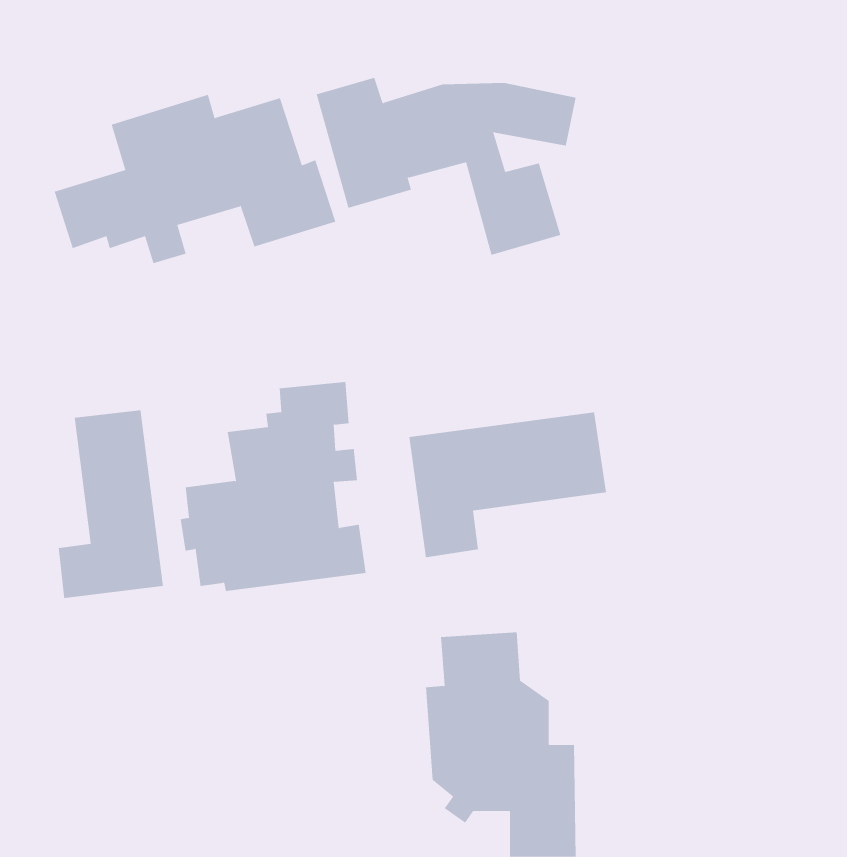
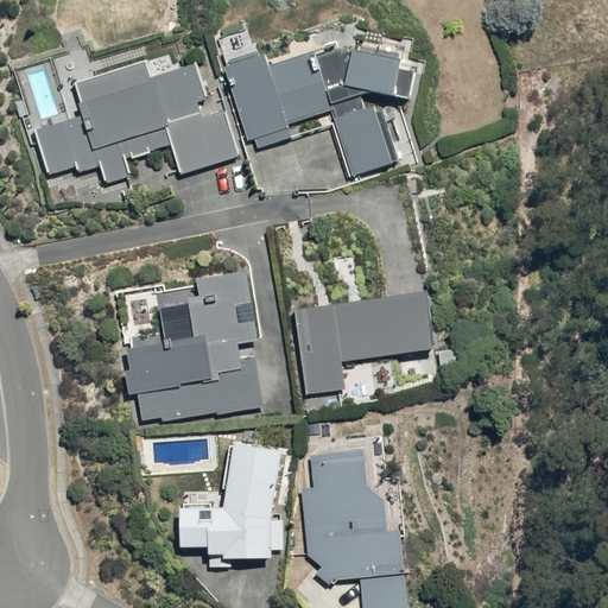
building: [58,409,163,599] -> none
building: none -> [184,441,283,553]

